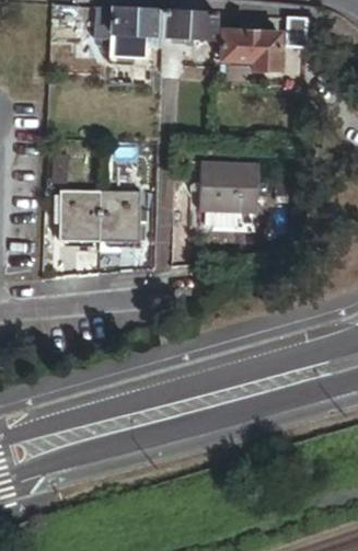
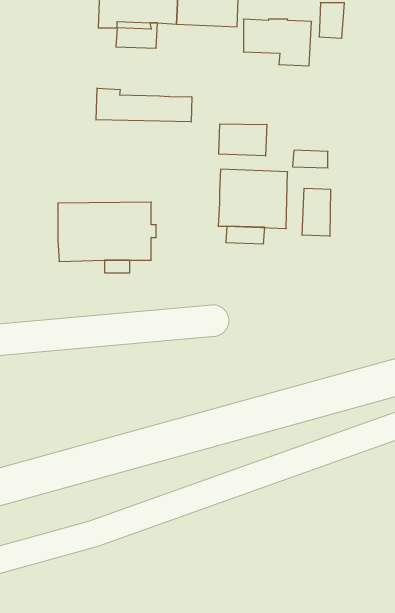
building: none -> [96,88,192,122]
building: none -> [219,124,267,156]
building: none -> [302,188,330,236]

